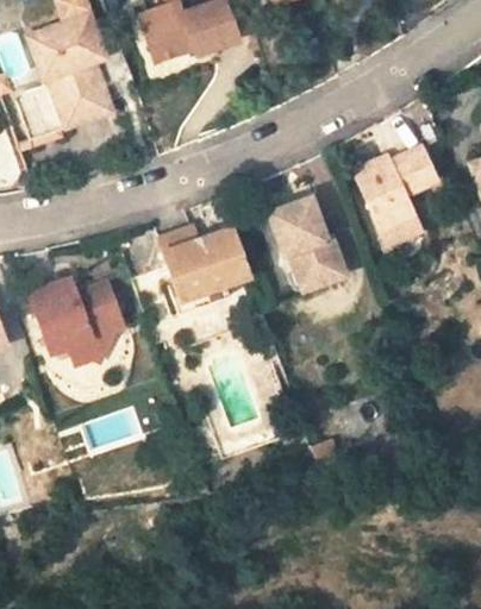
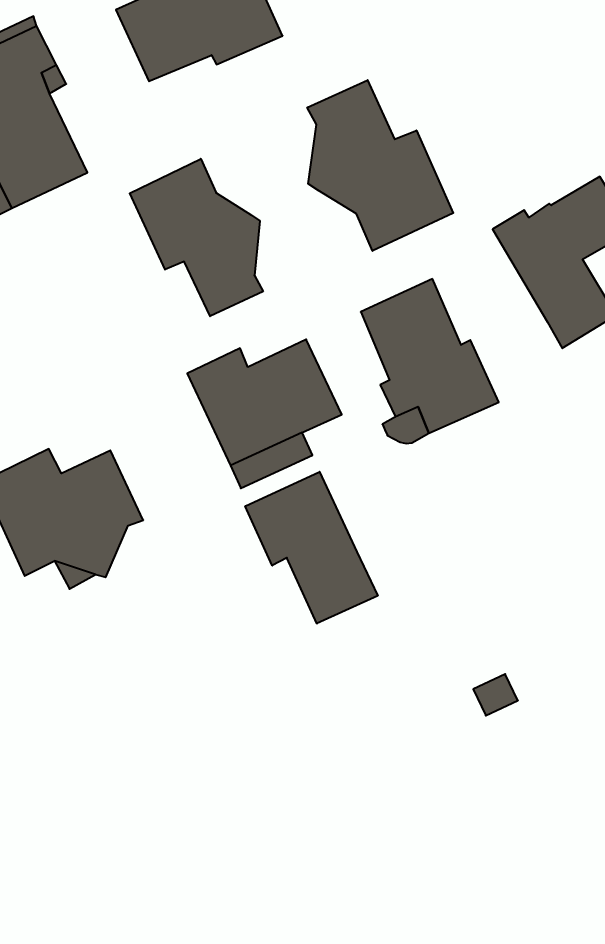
building: none -> [307,80,453,251]
building: none -> [130,159,263,316]
building: none -> [245,472,378,624]

